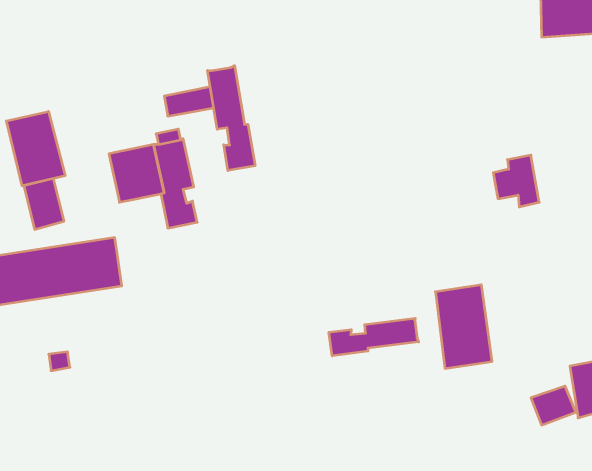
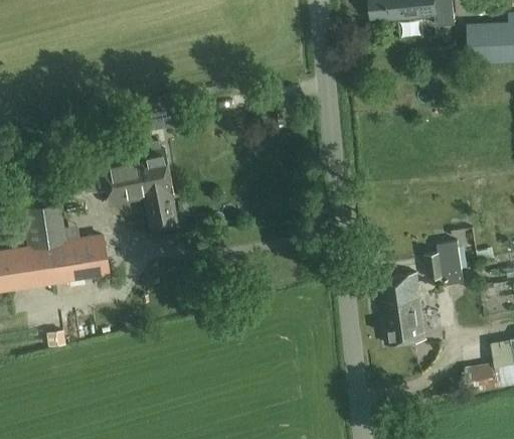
building: [208,66,255,171] -> none
building: [6,111,65,186] -> none
building: [493,155,539,207] -> [425,240,465,284]
building: [329,318,419,356] -> none

